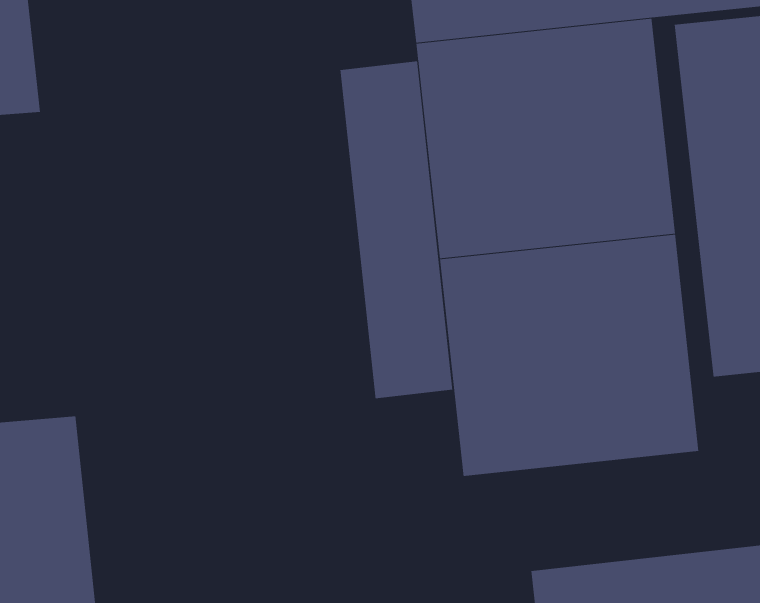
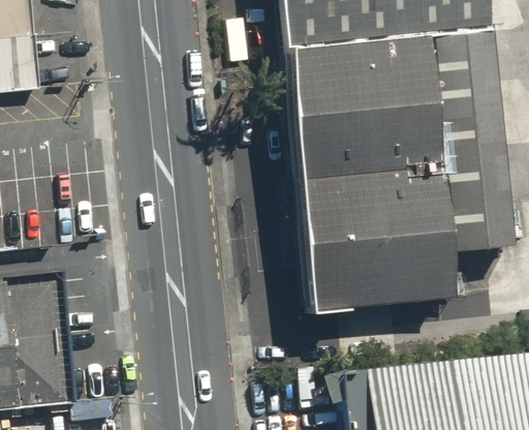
building: [340,61,453,399] -> none

